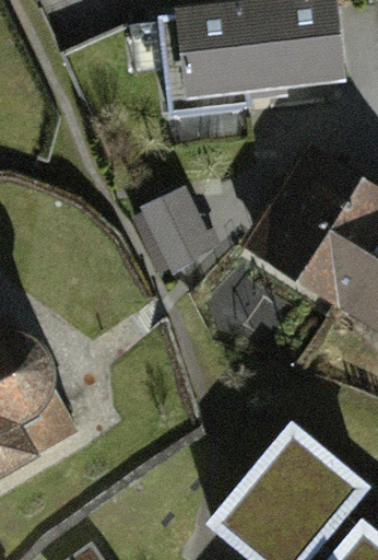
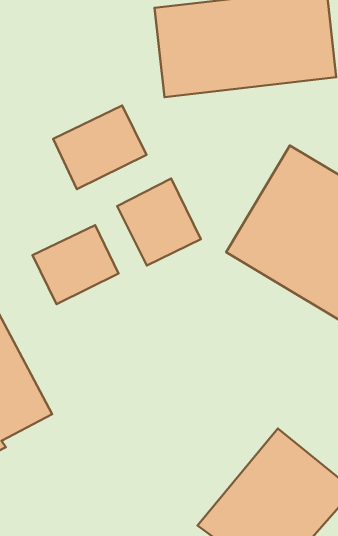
building: none -> [53,105,146,189]
building: none -> [33,225,118,304]

